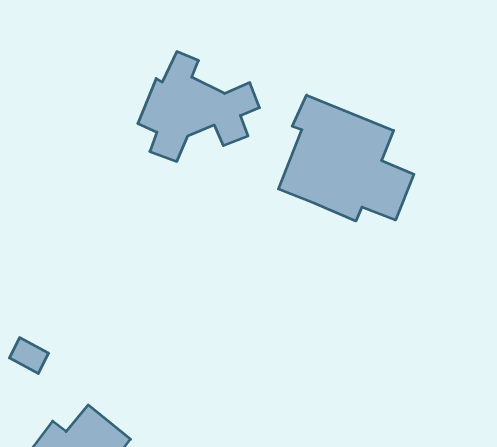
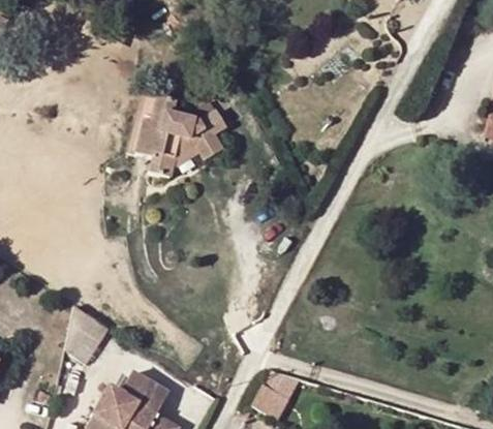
building: [278,95,414,221] -> none

